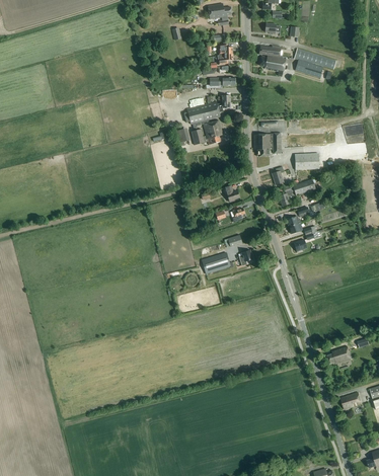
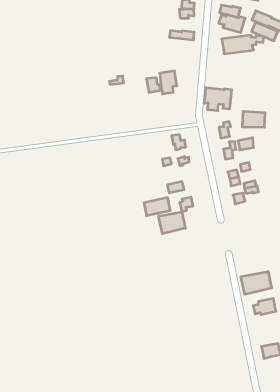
building: [186,101,230,124] -> [222,35,264,54]
building: none -> [159,212,185,234]
building: none -> [241,271,272,294]

